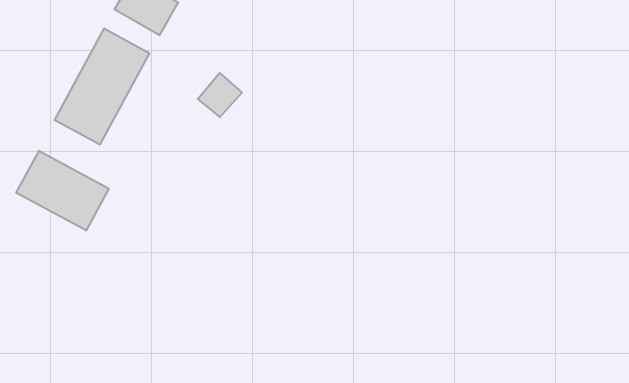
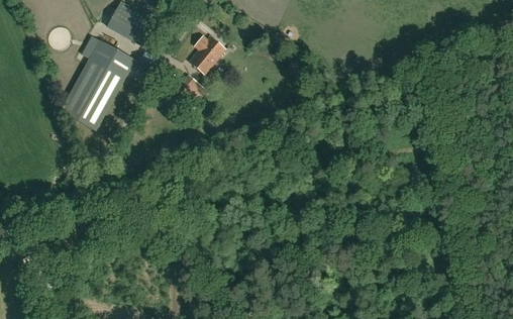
building: none -> [188,35,225,74]
building: [16,151,109,231] -> none

